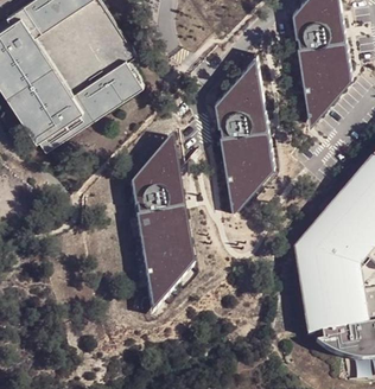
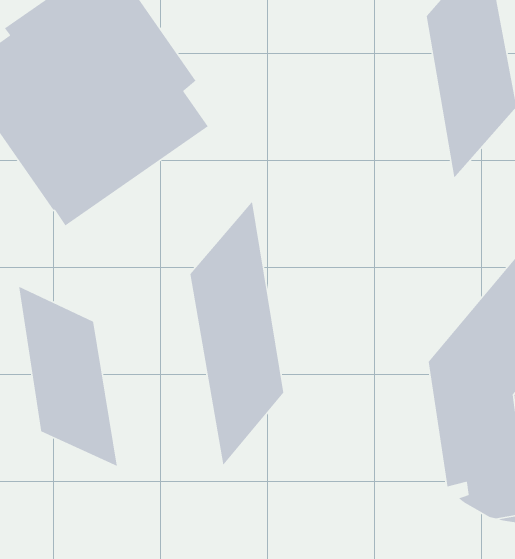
building: [216,53,277,213] -> none
building: none -> [18,285,118,467]

